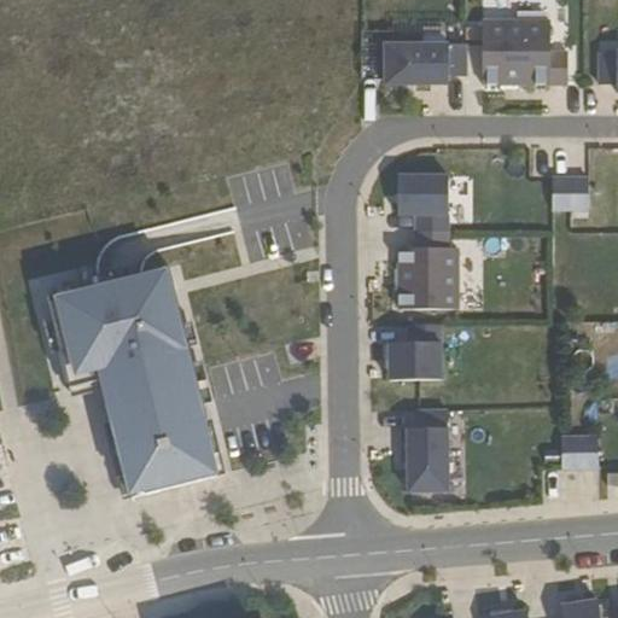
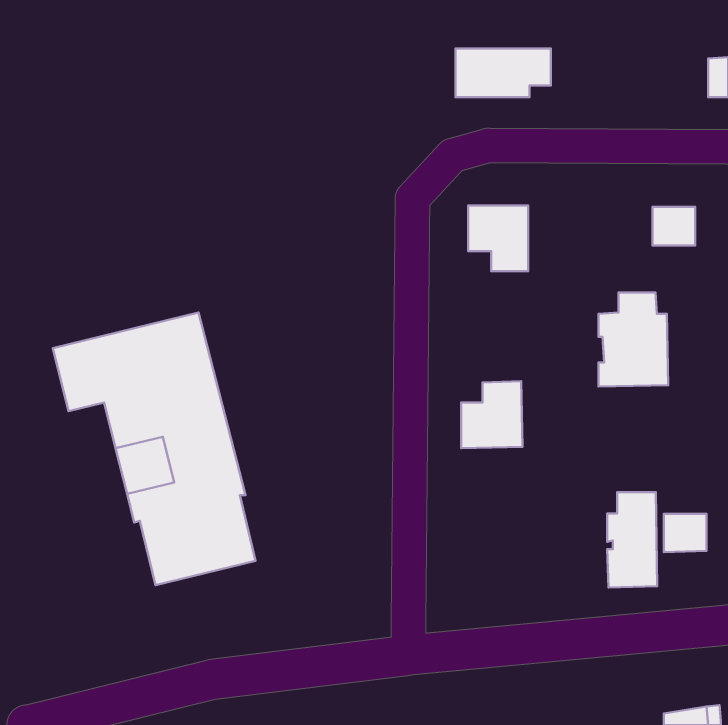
building: [482,23,560,82] -> none
building: [398,229,457,309] -> [598,292,668,387]
building: [58,340,98,386] -> none
building: [407,409,449,490] -> [607,492,657,588]

